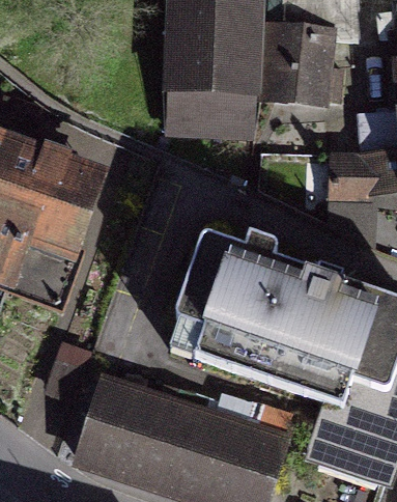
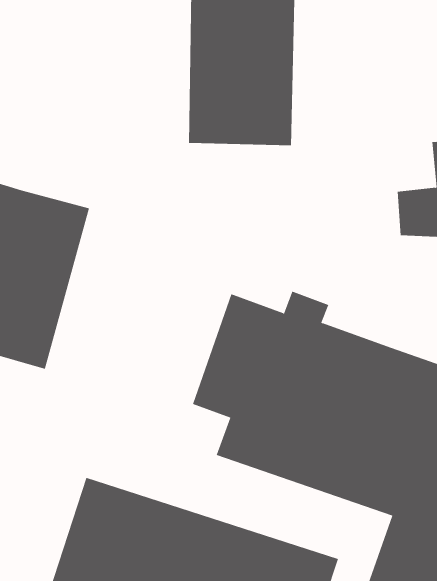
building: [271,22,334,97] -> none

